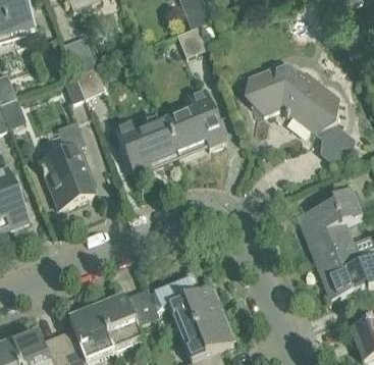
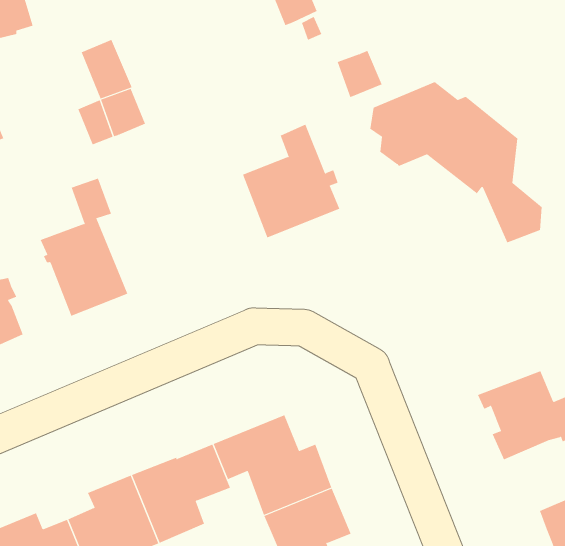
building: [177,24,206,54] -> [337,50,383,98]
building: [114,117,180,176] -> none
building: [296,189,361,257] -> none

